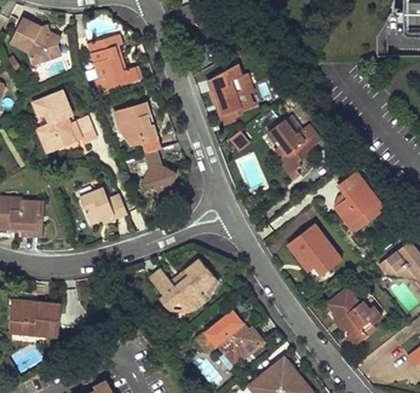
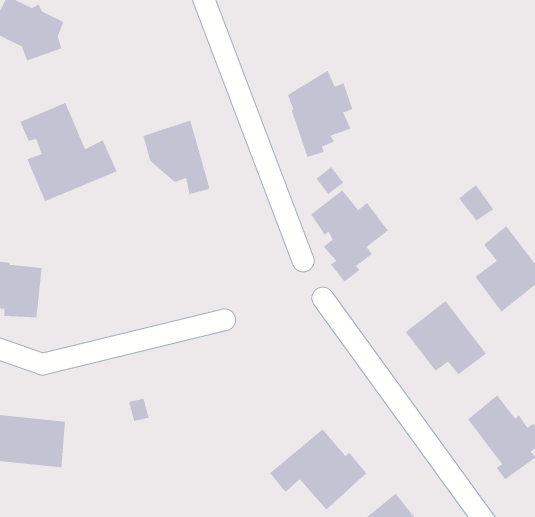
building: [87,34,140,92] -> none
building: [272,116,326,179] -> [310,190,389,282]
building: [140,149,176,196] -> none
building: [75,187,122,224] -> none
building: [150,258,220,313] -> none

